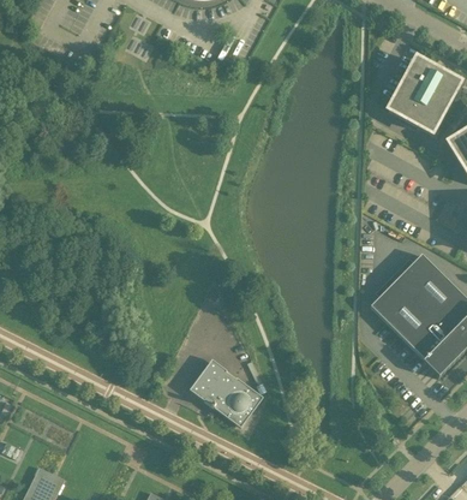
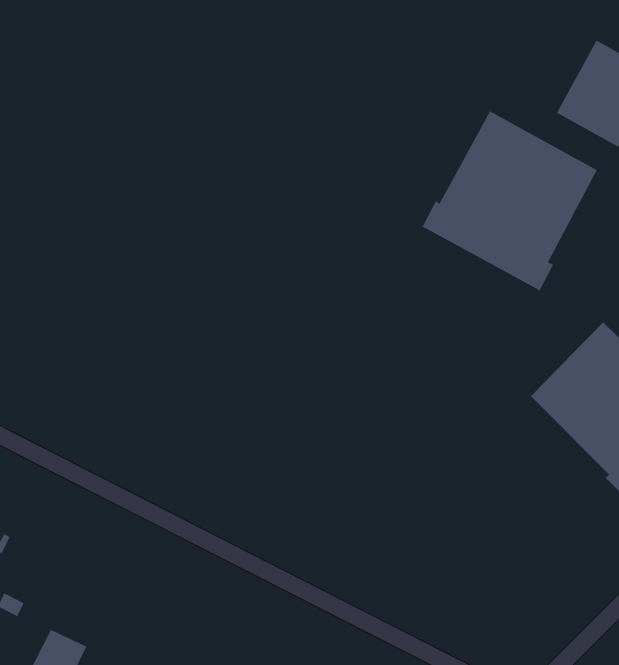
building: none -> [422,111,598,291]
building: [191,361,261,425] -> none

